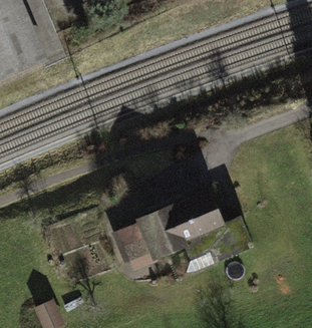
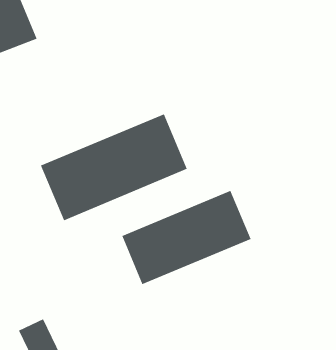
building: none -> [40,113,188,221]

